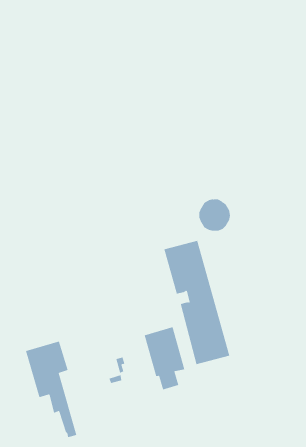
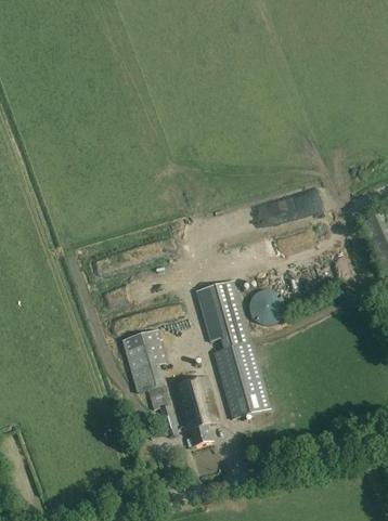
building: [199,199,231,231] -> [249,288,285,324]
building: [25,341,77,438] -> [121,328,179,435]

